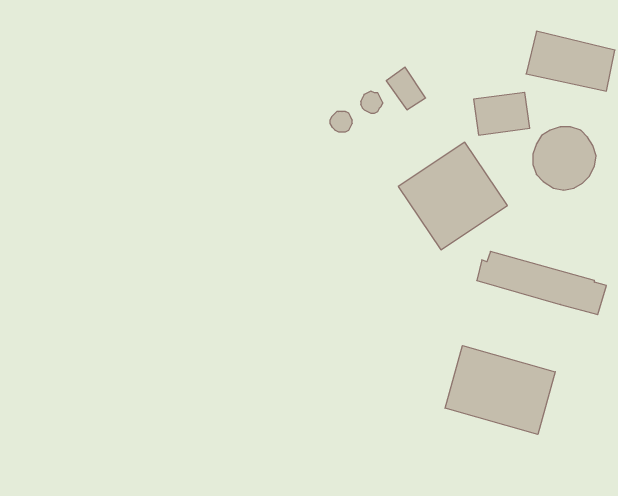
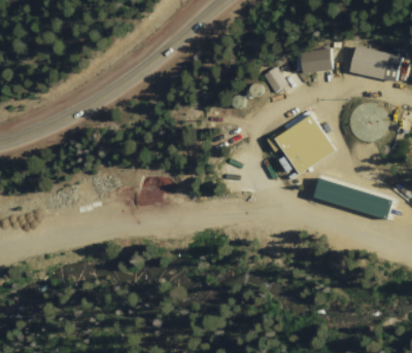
building: [474,92,530,135] -> [298,48,332,74]
building: [445,346,555,434] -> none

